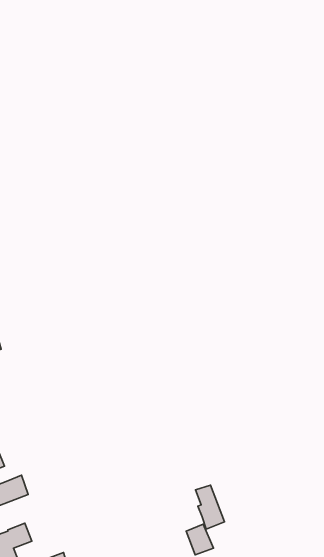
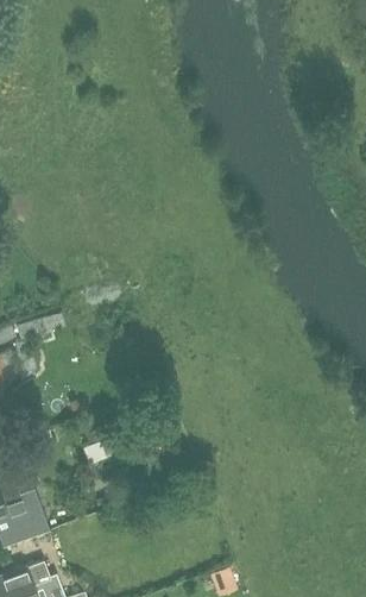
building: [196,485,225,529] -> none

